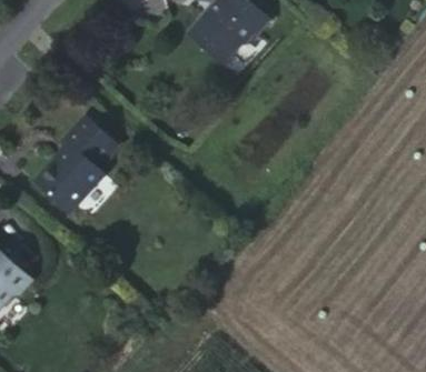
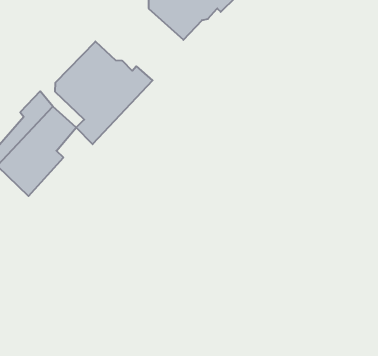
building: none -> [55,41,153,144]

